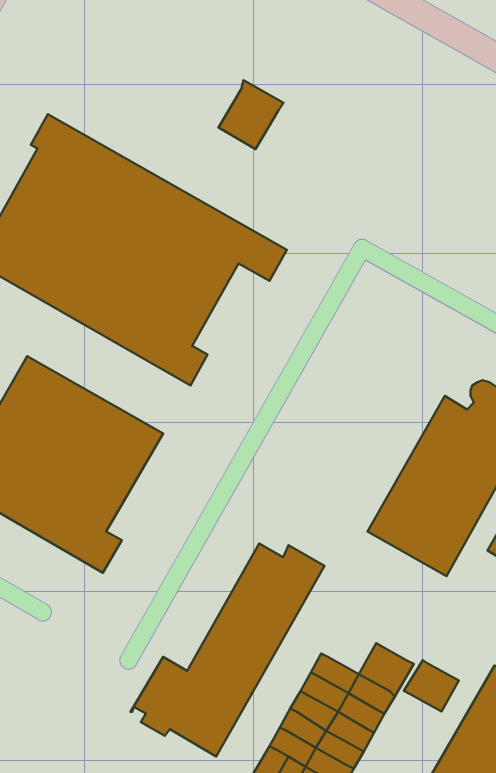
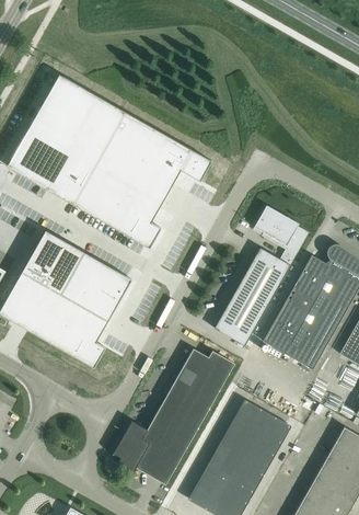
building: [219,80,283,149] -> none
building: none -> [213,207,309,345]
building: [404,660,459,712] -> [232,399,267,432]

